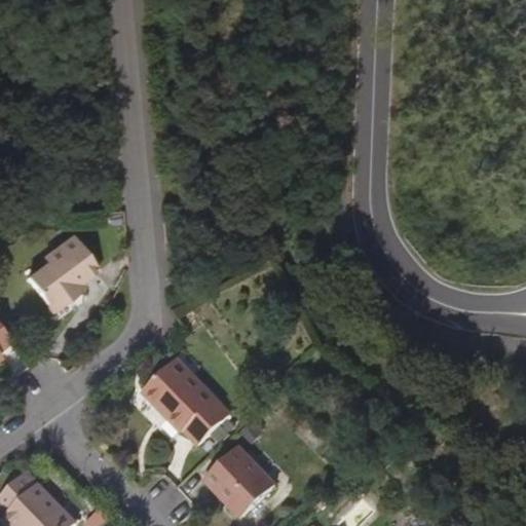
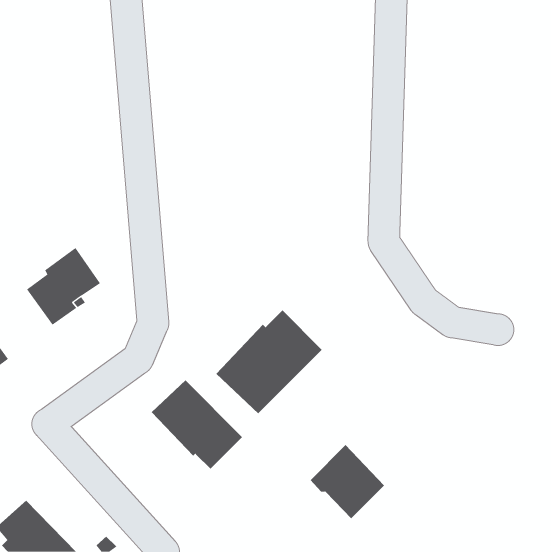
building: none -> [216,310,323,414]
building: [204,445,275,516] -> [310,444,385,519]

